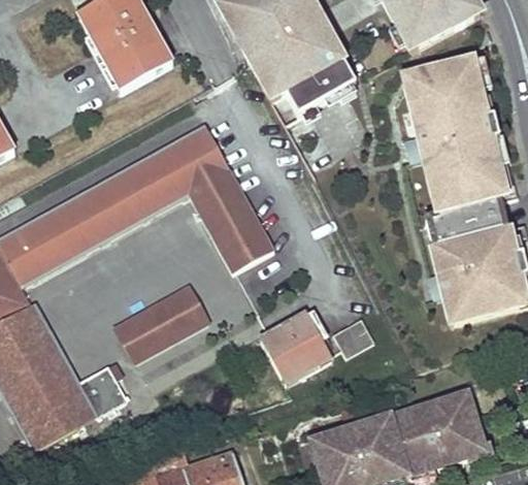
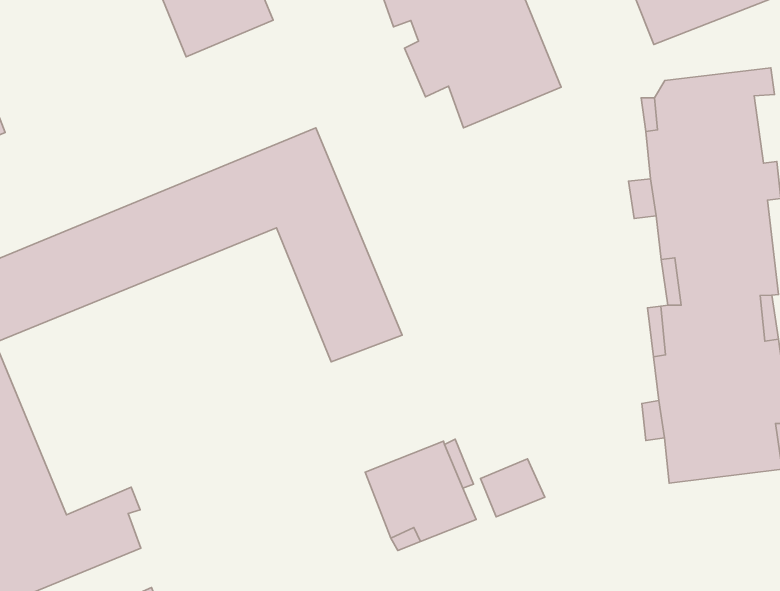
building: [114,284,207,358] -> none

